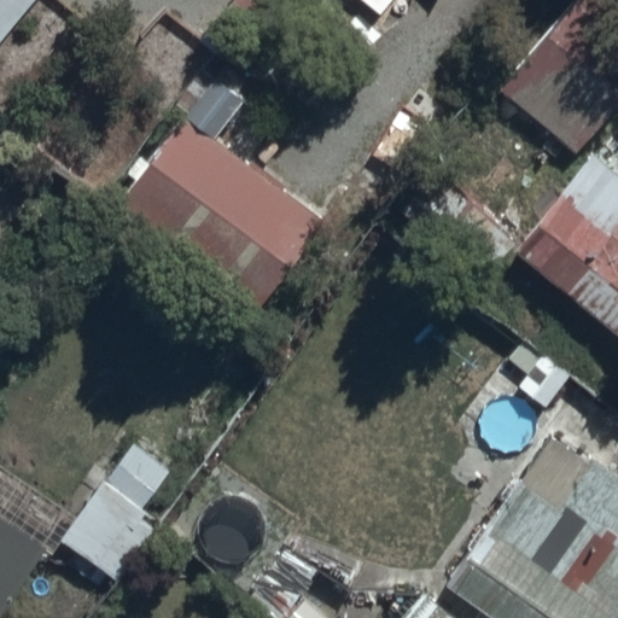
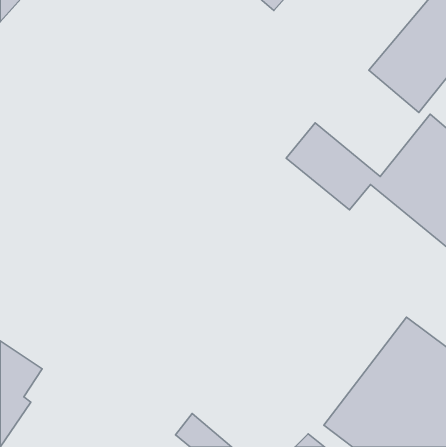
building: [113,77,326,314] -> none
building: [59,441,170,583] -> none

